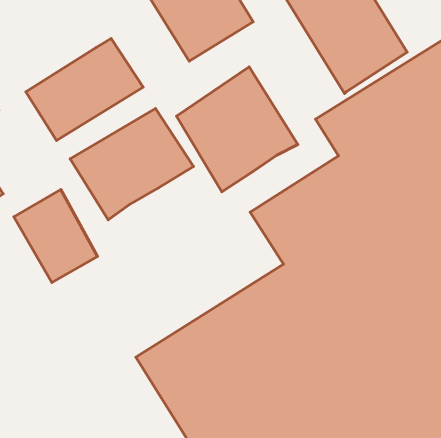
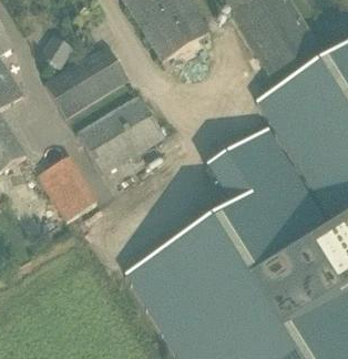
building: none -> [37,32,70,65]
building: [176,67,298,192] -> none

